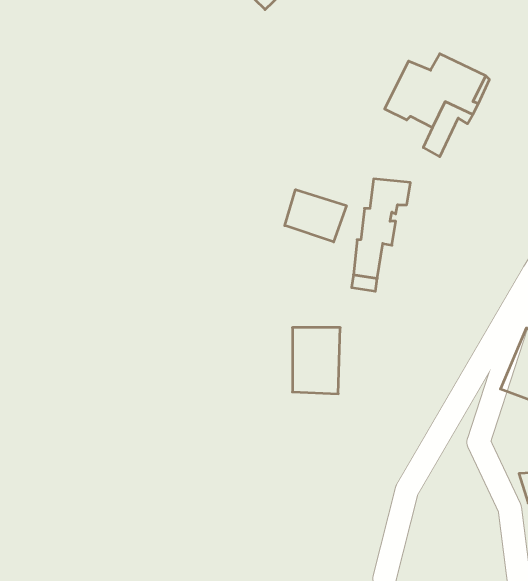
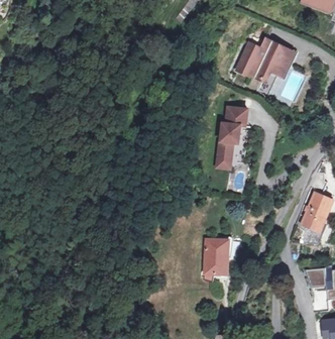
building: [285,190,346,242] -> none
building: [292,328,340,394] -> [201,239,227,275]

